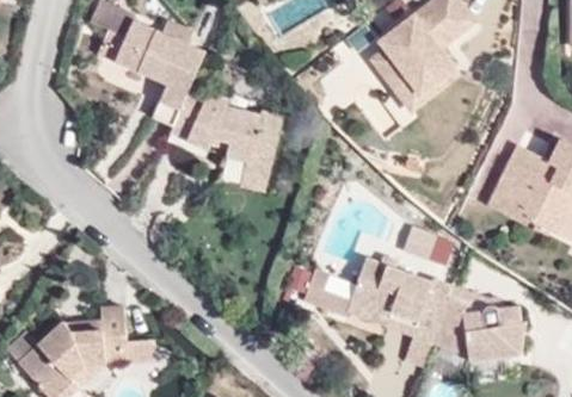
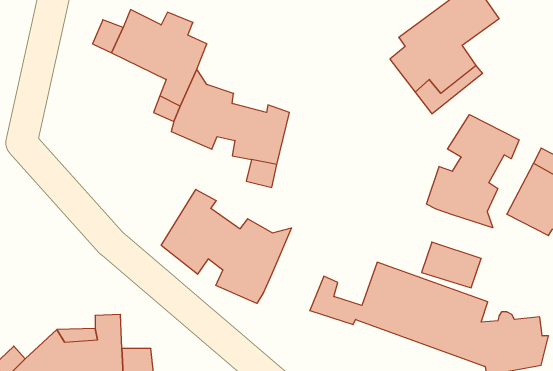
building: none -> [427,115,519,228]
building: none -> [161,189,292,303]

